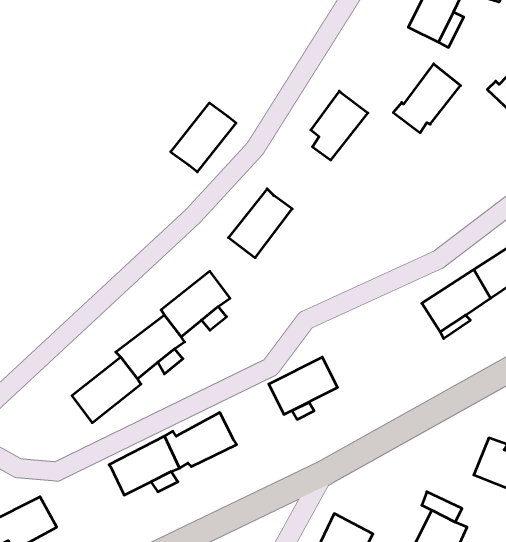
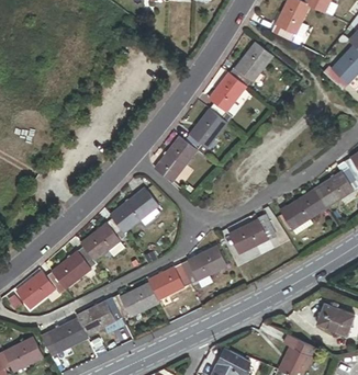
building: [393,64,461,133] -> [228,42,272,87]
building: [171,103,236,172] -> [184,109,227,154]
building: none -> [228,214,276,253]
building: none -> [148,263,191,299]
building: none -> [16,271,66,309]
building: none -> [42,317,88,356]

